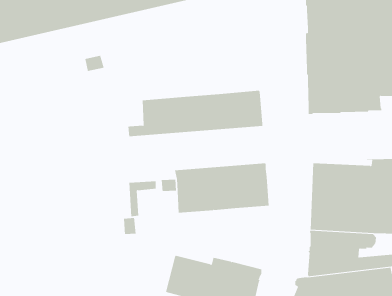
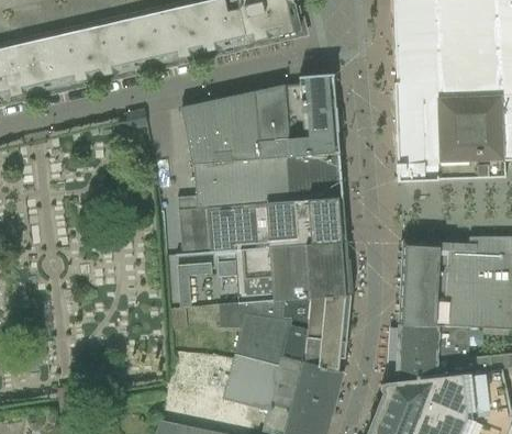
building: none -> [182,75,340,165]
building: none -> [178,197,346,255]
building: none -> [218,294,350,372]

